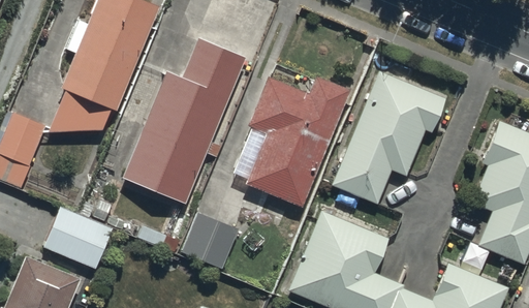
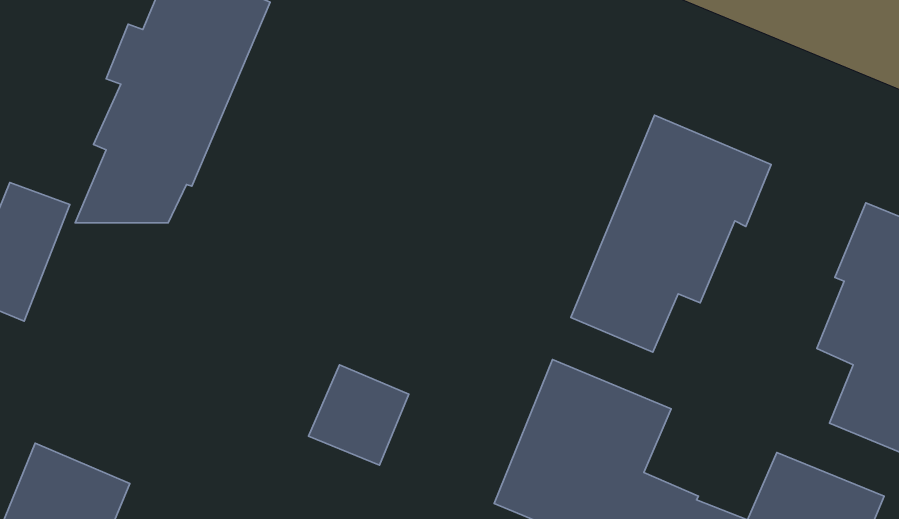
building: [123,39,245,205] -> none
building: [234,75,348,222] -> none
building: [44,206,114,268] -> none

